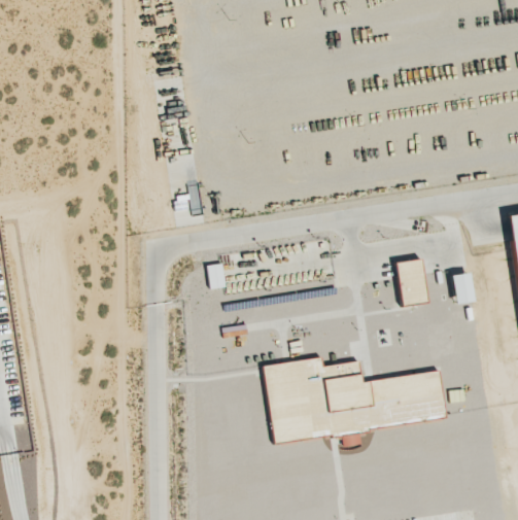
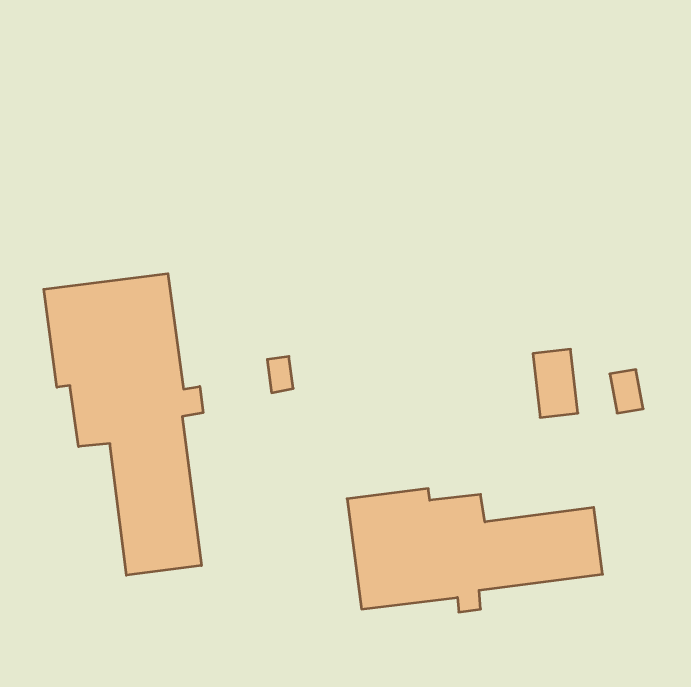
building: none -> [44,274,203,575]

